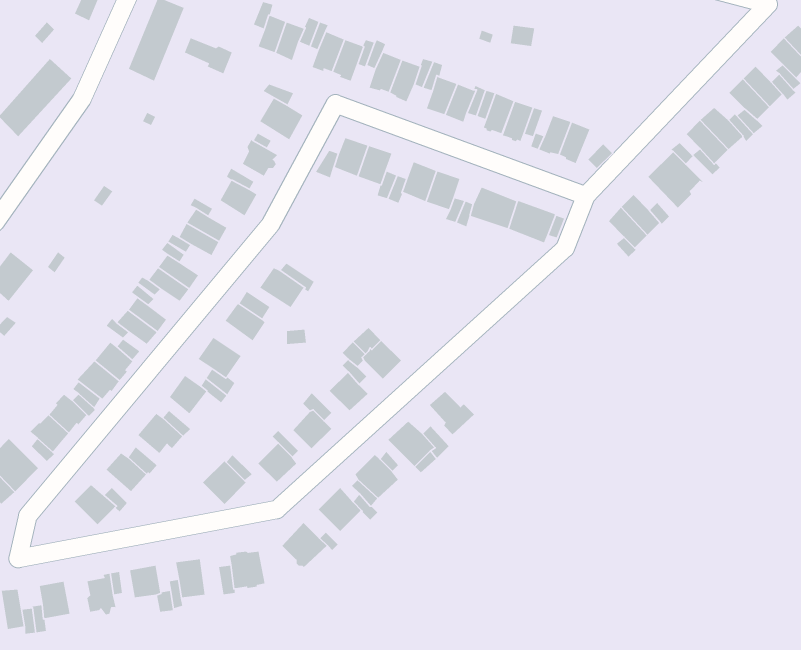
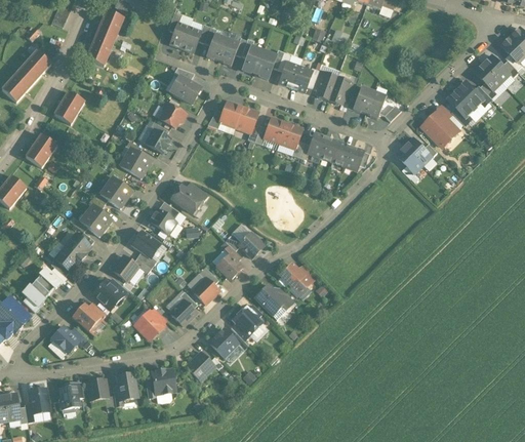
building: [184,37,233,74] -> none
building: none -> [54,90,84,123]
building: none -> [26,133,56,166]

